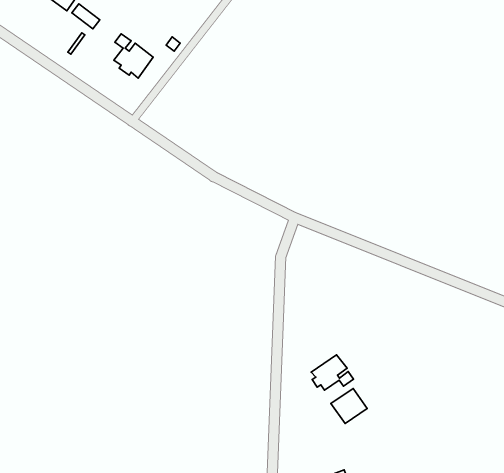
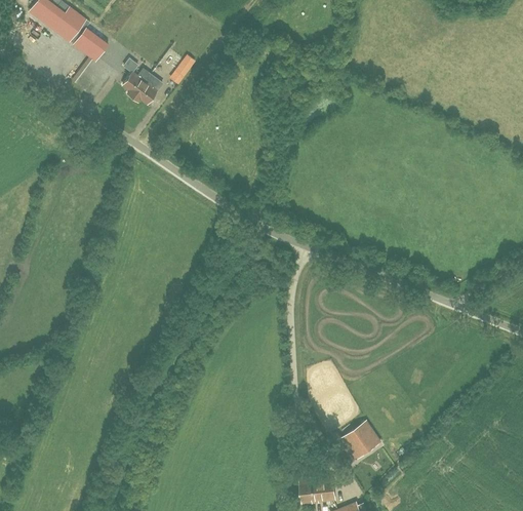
building: [311,355,353,390] -> none
building: none -> [298,477,333,504]

